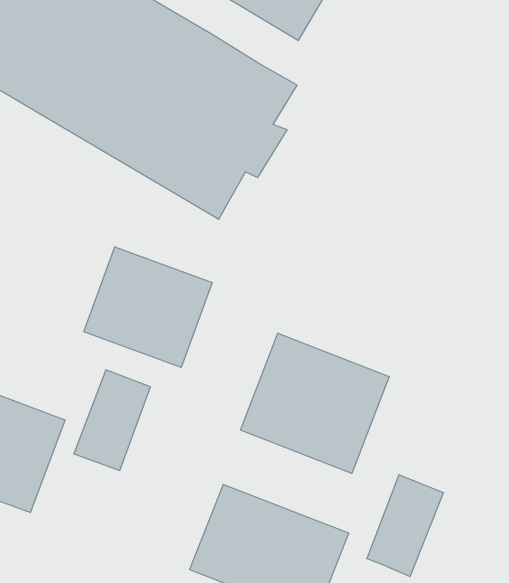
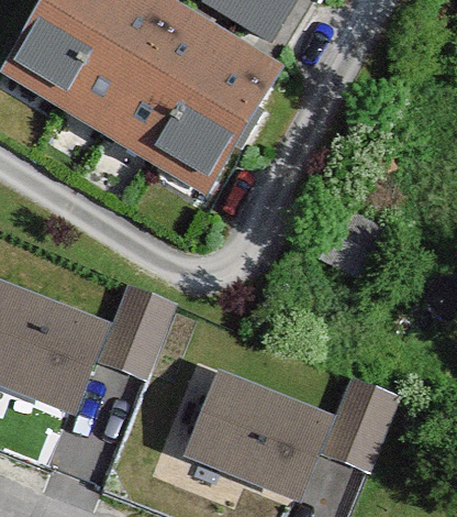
building: [84,247,212,367] -> none
building: [240,333,389,473] -> none

